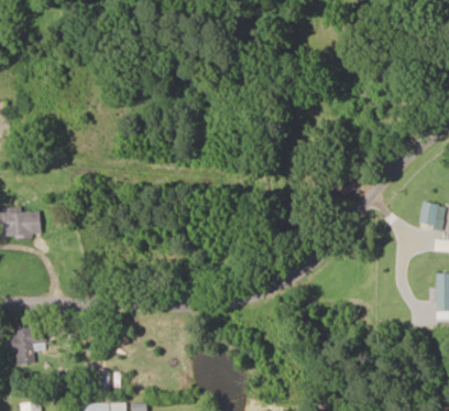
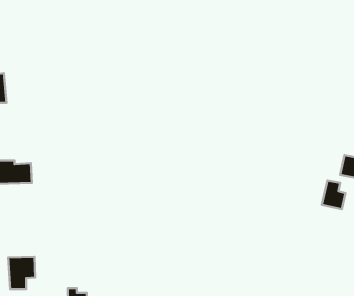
building: none -> [322,181,345,209]

